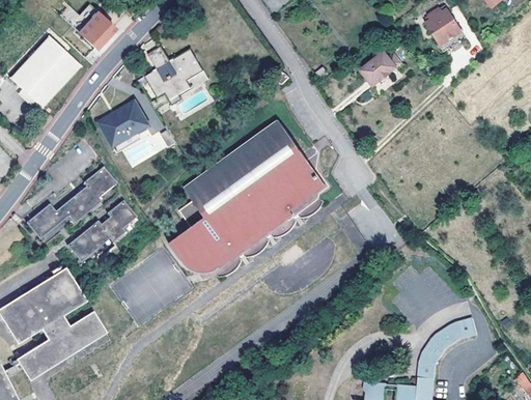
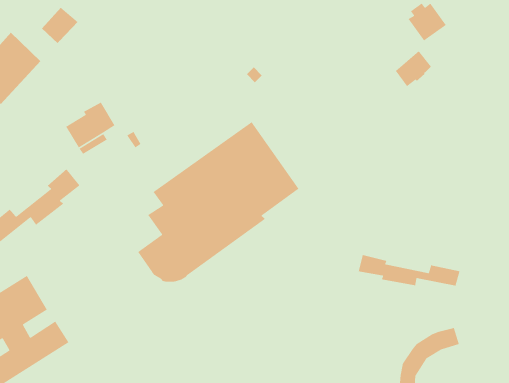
building: [144,50,203,101] -> none
building: [360,52,395,87] -> [395,50,432,87]
building: [66,200,135,260] -> none
building: none -> [358,254,461,286]

